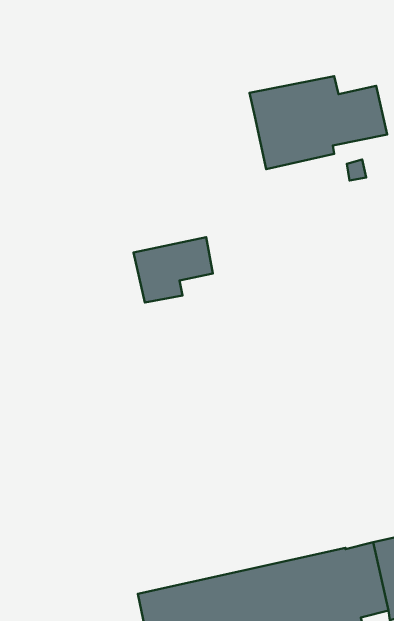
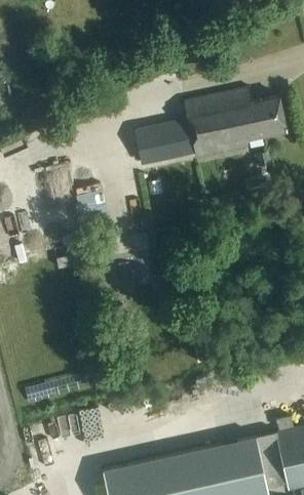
building: [134,237,213,303] -> [136,120,194,168]

